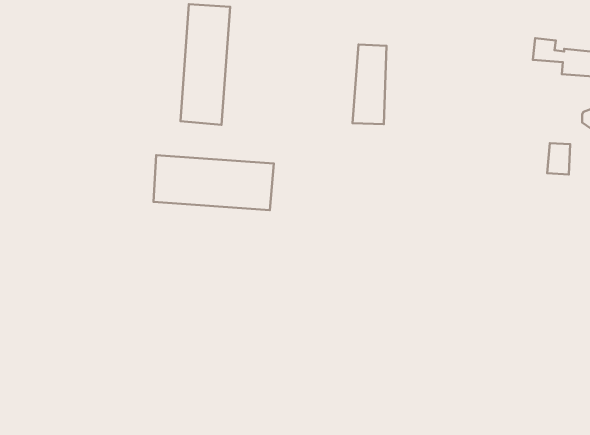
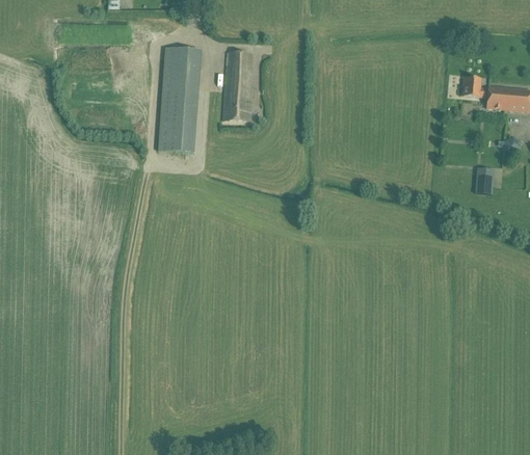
building: [353,45,386,124] -> [223,51,253,119]
building: [153,155,274,210] -> none

